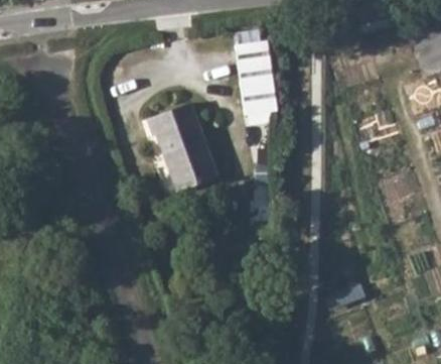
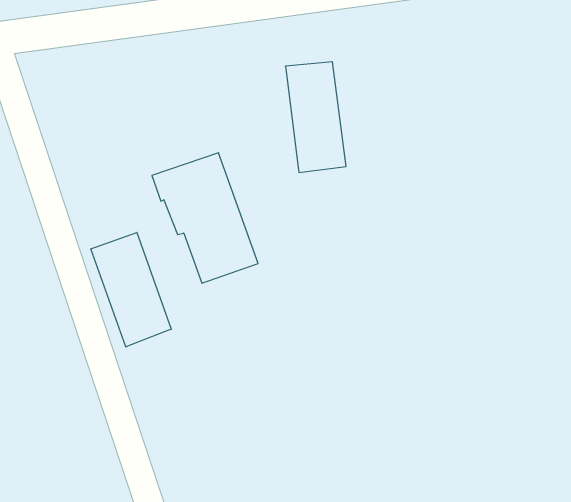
building: none -> [91,232,171,347]

